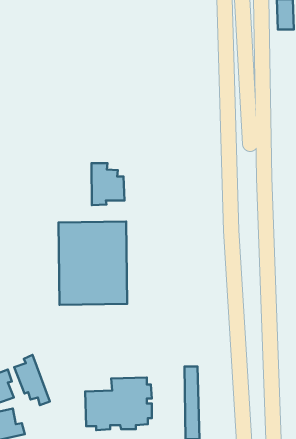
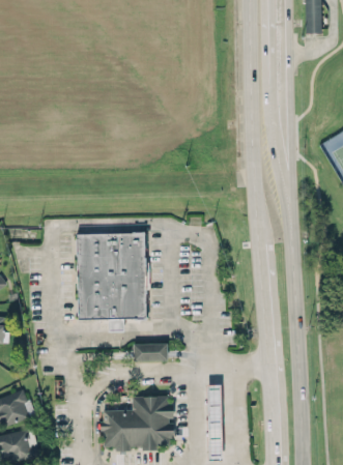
building: [91,163,124,205] -> none
building: none -> [134,344,167,361]
building: [14,355,50,405] -> none

